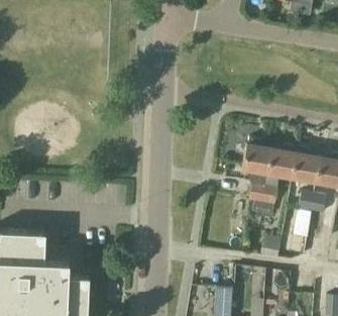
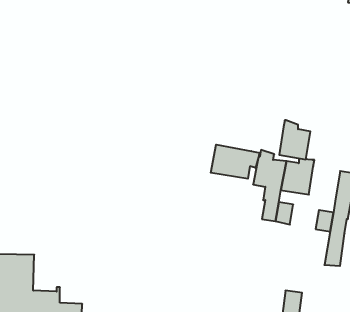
building: none -> [211,145,260,179]
building: [293,147,321,183] -> [279,120,310,159]

